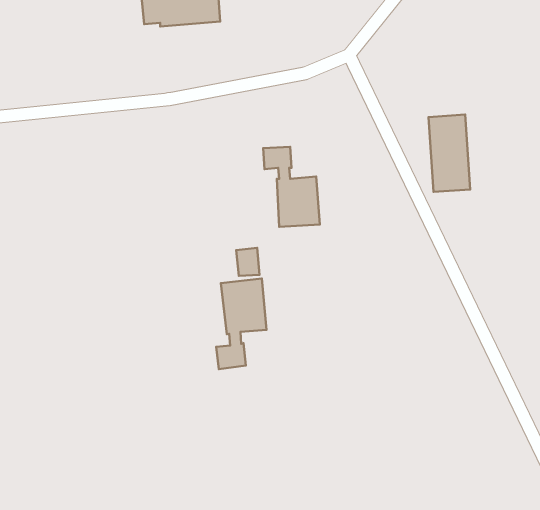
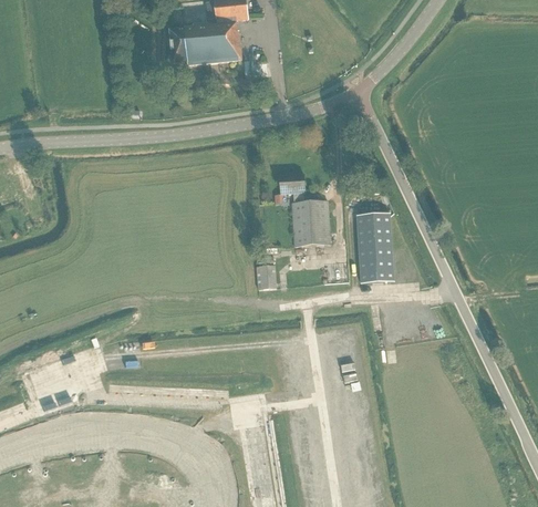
building: [428,115,470,192] -> [355,213,393,282]
building: [216,279,267,369] -> none

